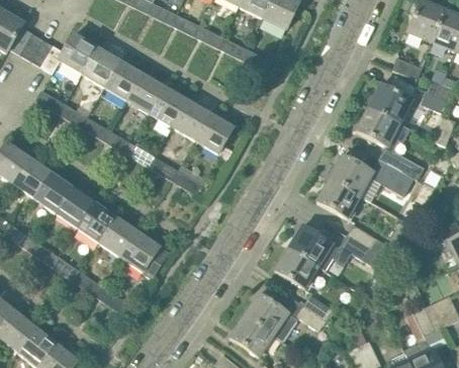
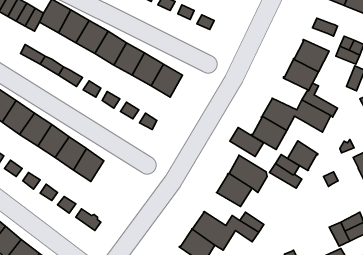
building: none -> [230,127,264,156]
building: none -> [288,141,318,170]
building: [121,232,169,277] -> none

